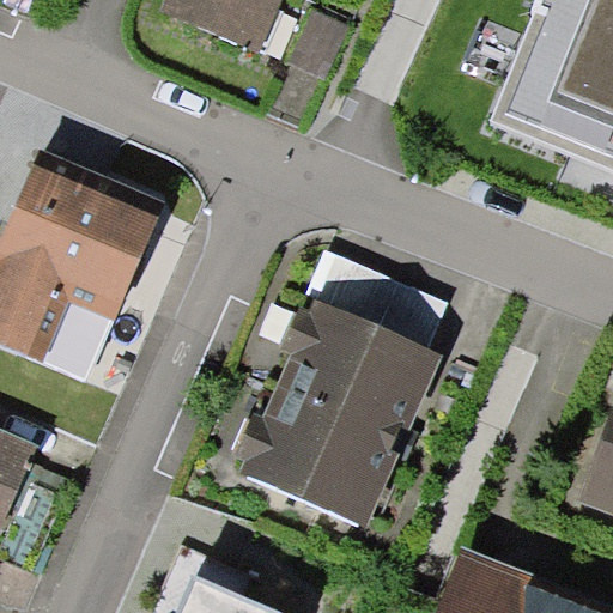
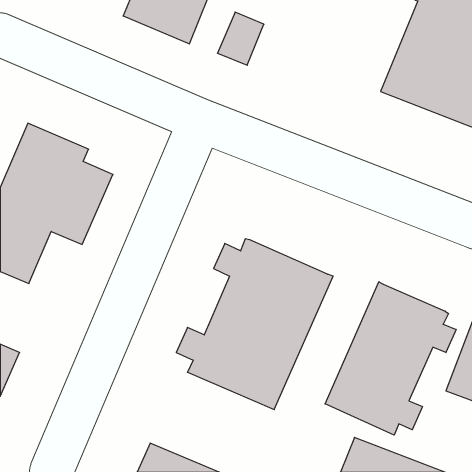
building: [309,251,447,352] -> none
building: none -> [325,282,456,435]

